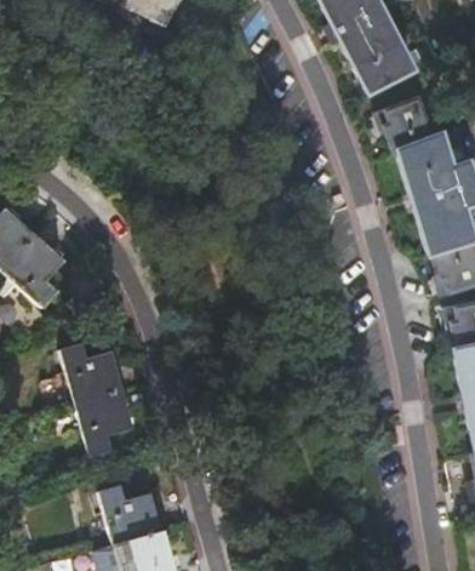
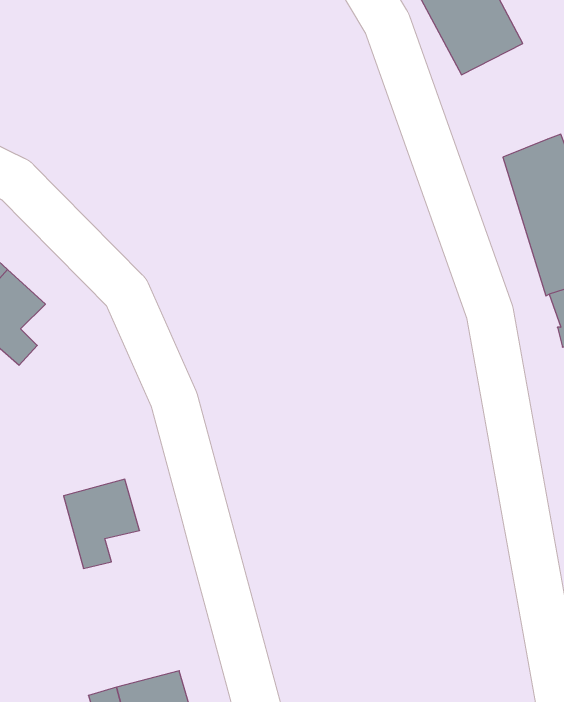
building: [379,99,433,155] -> none
building: [63,343,122,402] -> none
building: [101,483,162,543] -> none

